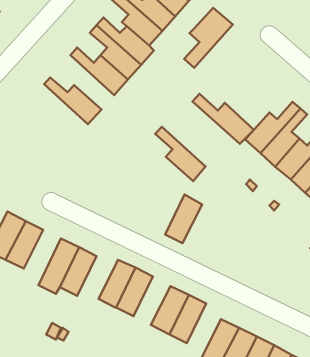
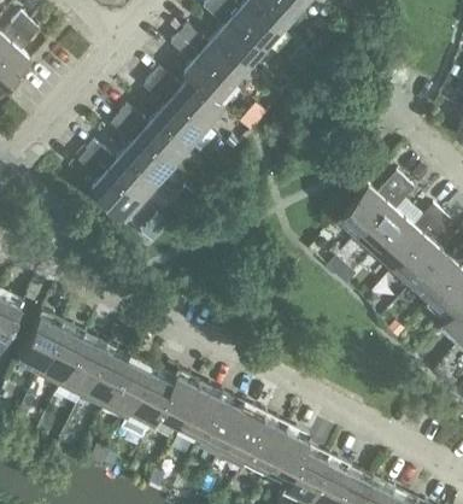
building: [184,8,233,68] -> none
building: none -> [78,153,141,222]
building: [192,94,254,144] -> none
building: [155,127,206,181] -> [111,117,174,184]
building: [165,195,202,243] -> [198,392,244,452]
building: none -> [54,334,107,408]
building: none -> [128,367,175,427]
building: none -> [264,426,311,486]

